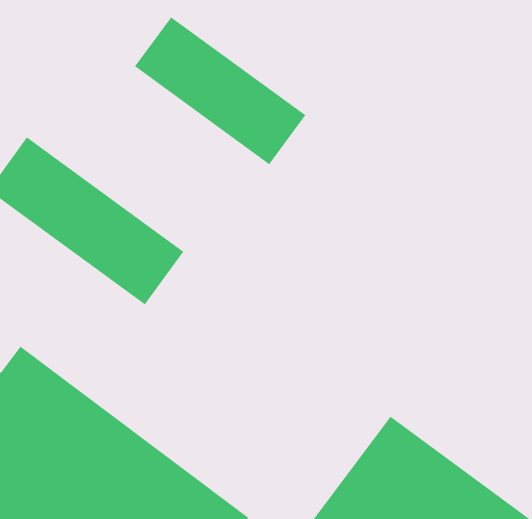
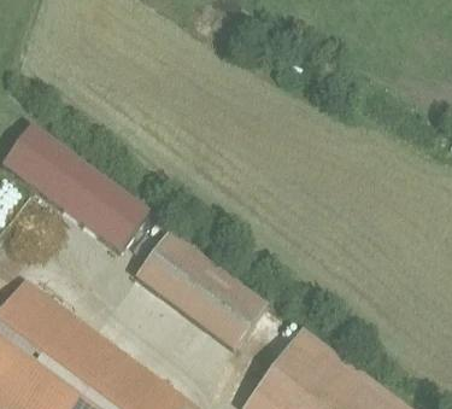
building: [134,16,306,165] -> none
building: none -> [137,232,266,346]

